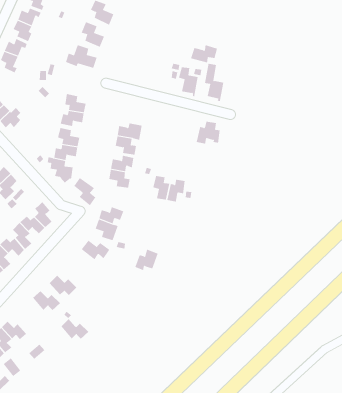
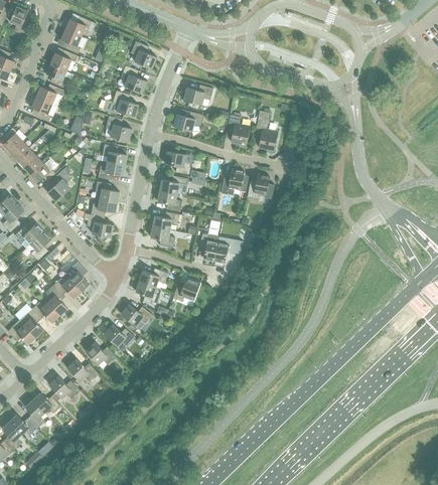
building: [190,45,218,63] -> [182,85,212,105]
building: none -> [173,112,202,132]
building: none -> [105,116,131,142]
building: none -> [164,151,191,175]
building: none -> [46,167,70,202]
building: none -> [220,169,248,195]
building: [73,177,96,206] -> none
building: [135,249,158,271] -> [172,278,198,302]
building: none -> [103,324,135,347]
building: [61,318,89,339] -> [48,375,80,398]

